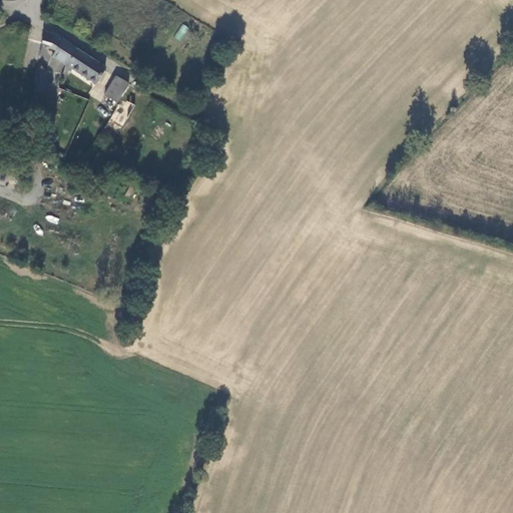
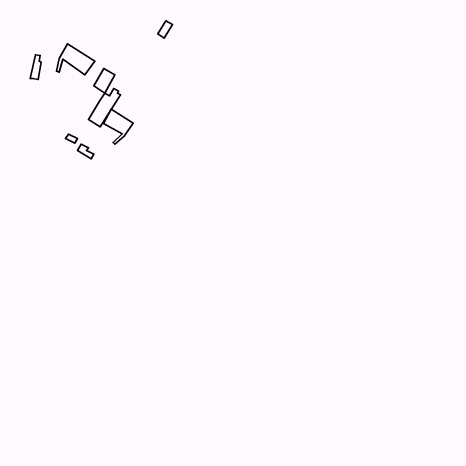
building: [49,36,74,64] -> none
building: none -> [103,109,133,144]

